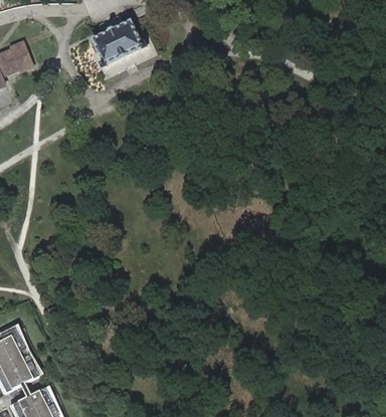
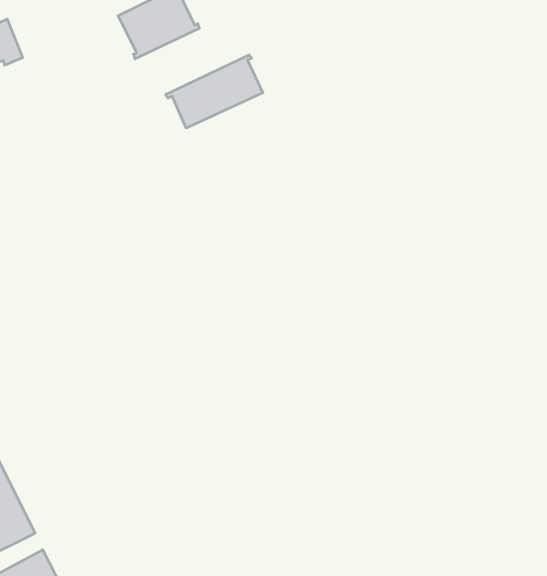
building: none -> [166,55,263,128]

